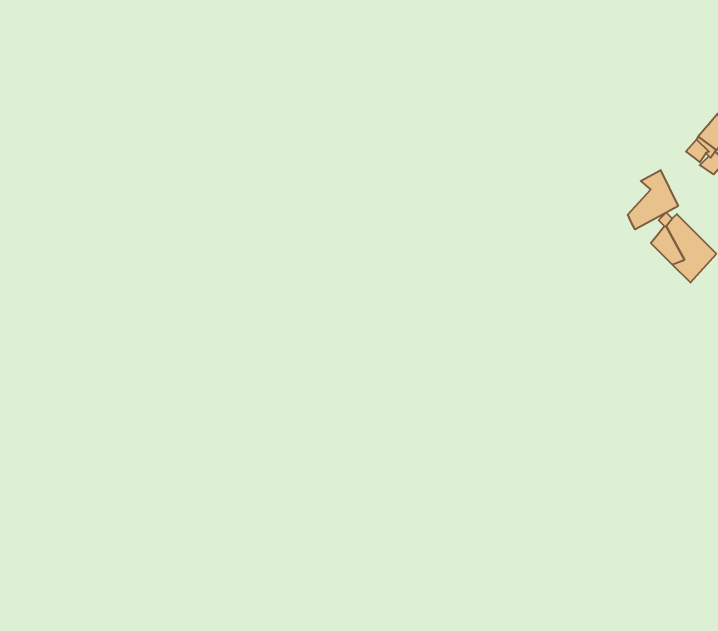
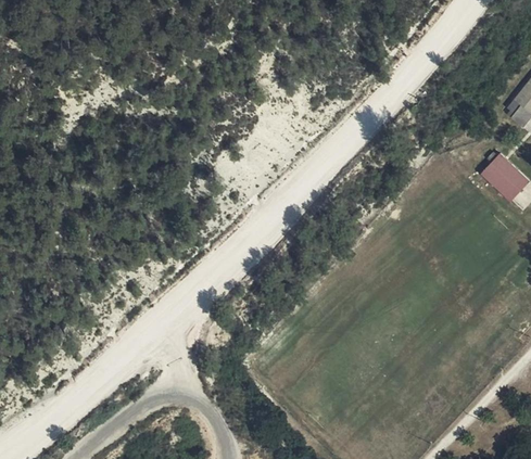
building: [628,170,678,229] -> none

